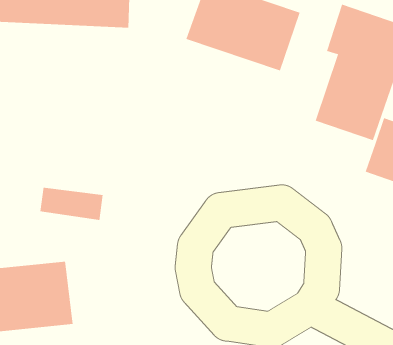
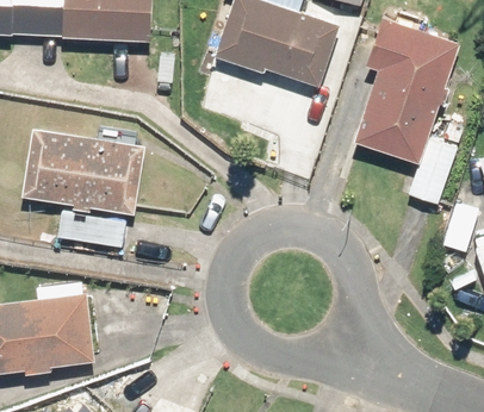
building: none -> [21,130,145,216]

